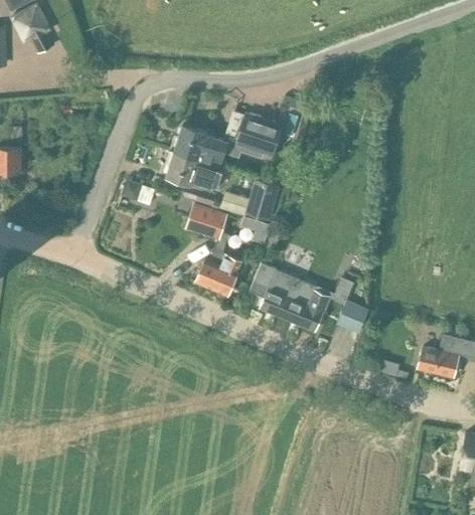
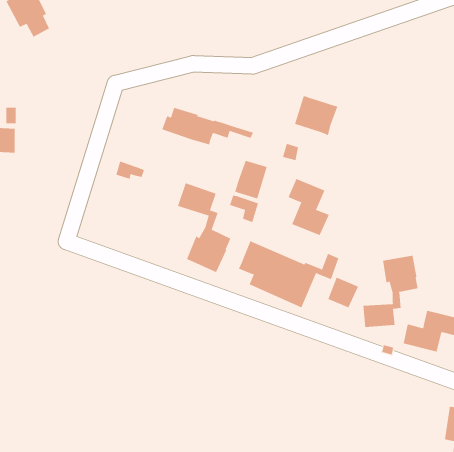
building: [236,115,282,156] -> [294,96,338,136]
building: [166,150,223,192] -> none
building: none -> [288,178,329,236]
building: none -> [363,255,418,328]

